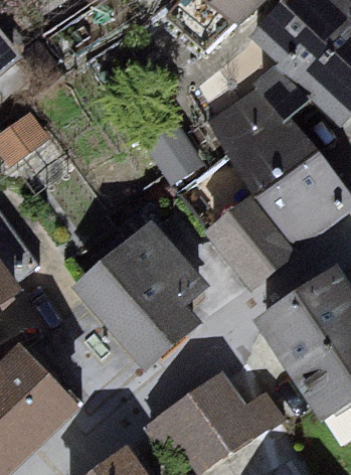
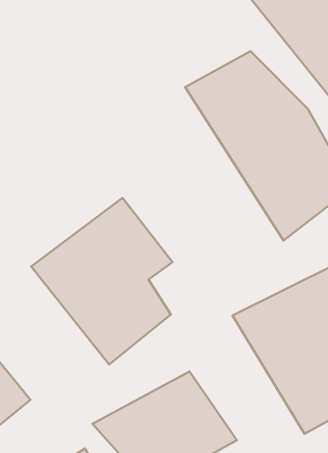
building: [199,191,294,294] -> none

